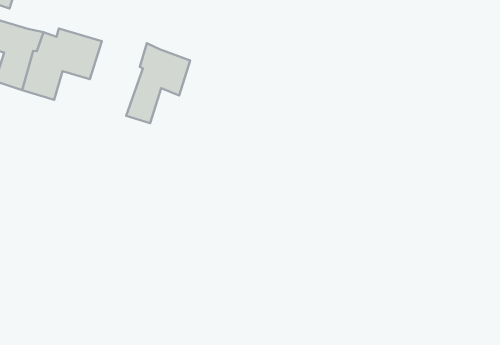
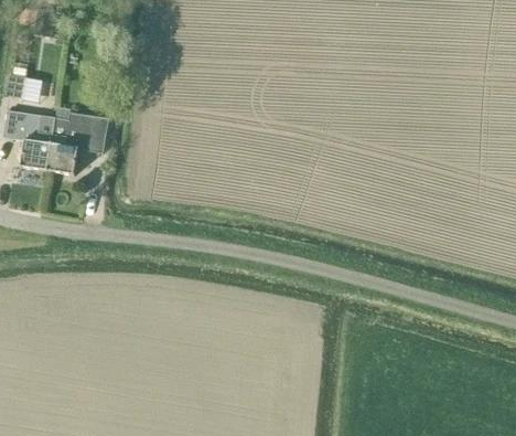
building: [126,43,190,123] -> none

